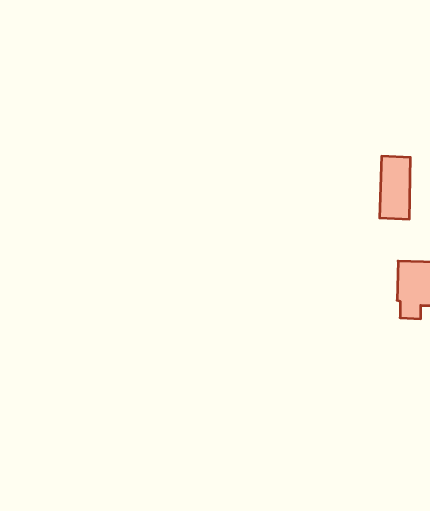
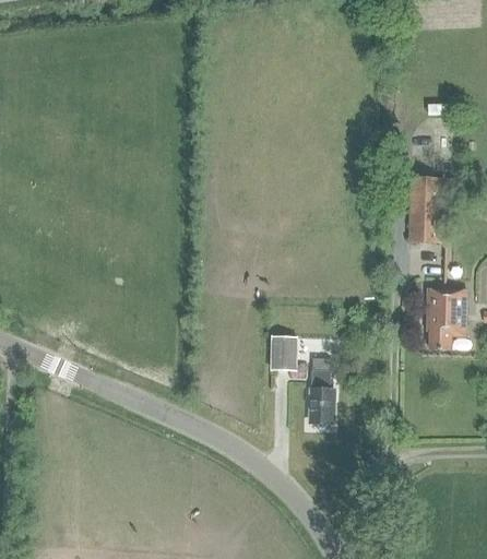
building: none -> [272,336,297,370]
building: none -> [310,358,334,426]

